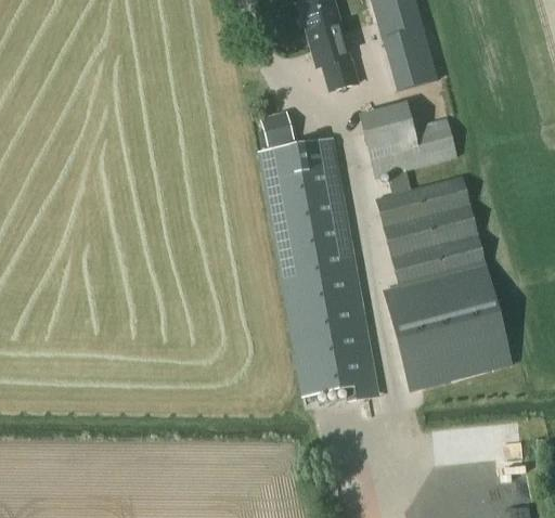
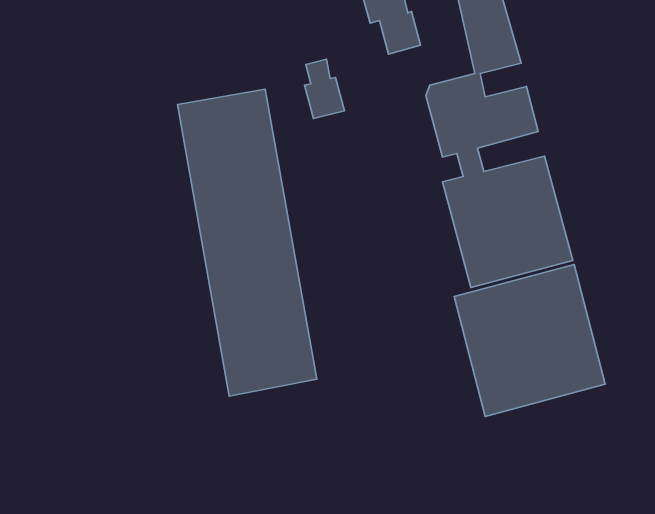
building: [258,135,375,393] -> [177,89,317,396]

